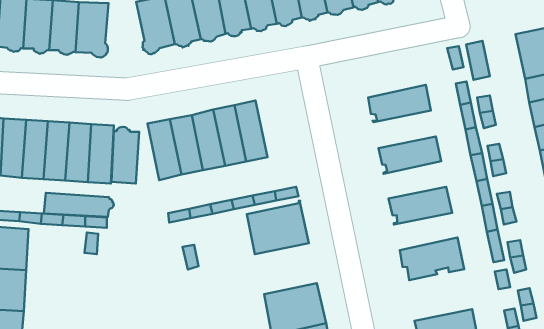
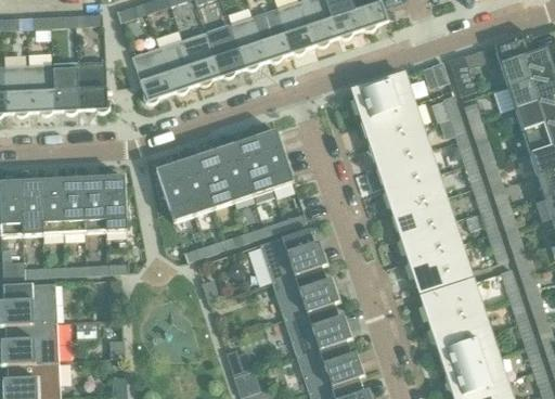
building: none -> [352,74,414,120]
building: none -> [255,129,293,188]
building: none -> [369,126,429,167]
building: [112,127,139,183] -> none
building: none -> [384,172,444,214]
building: [44,193,114,217] -> none
building: none -> [399,220,461,261]
building: none -> [271,265,333,318]
building: none -> [421,281,482,326]

